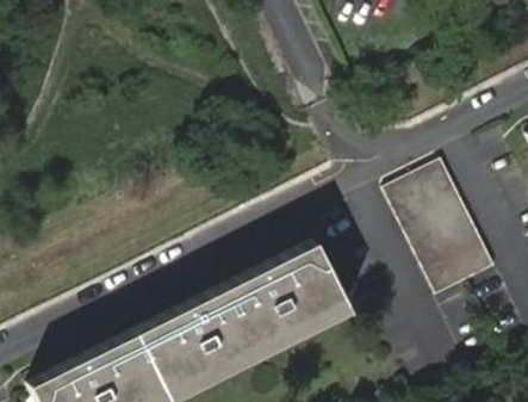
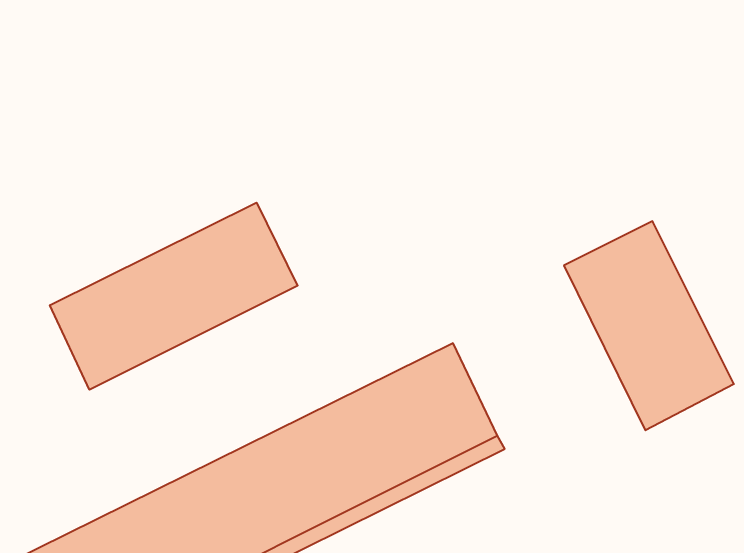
building: none -> [50,203,298,390]

